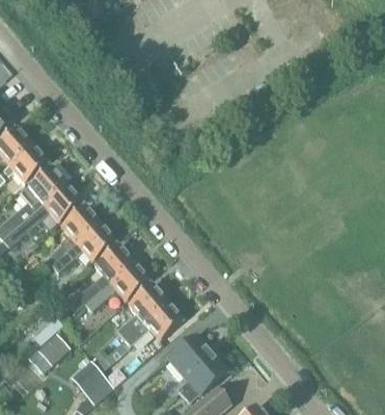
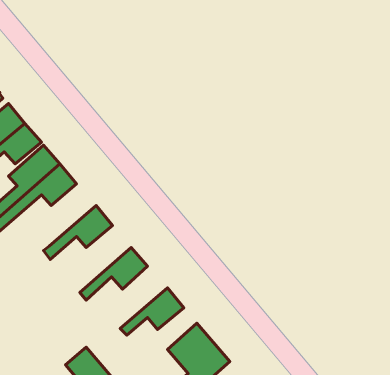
building: [51,204,101,260] -> none
building: [67,242,134,312] -> none
building: [116,282,168,338] -> none
building: [29,329,72,370] -> none

